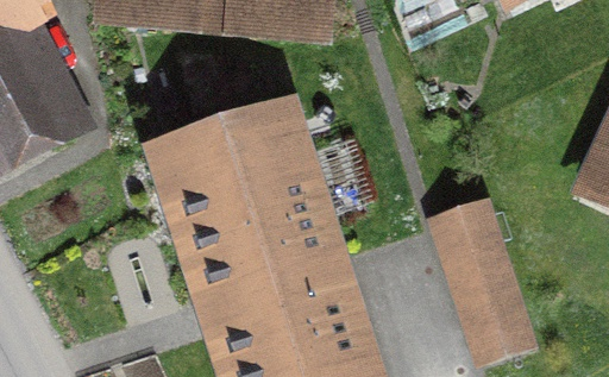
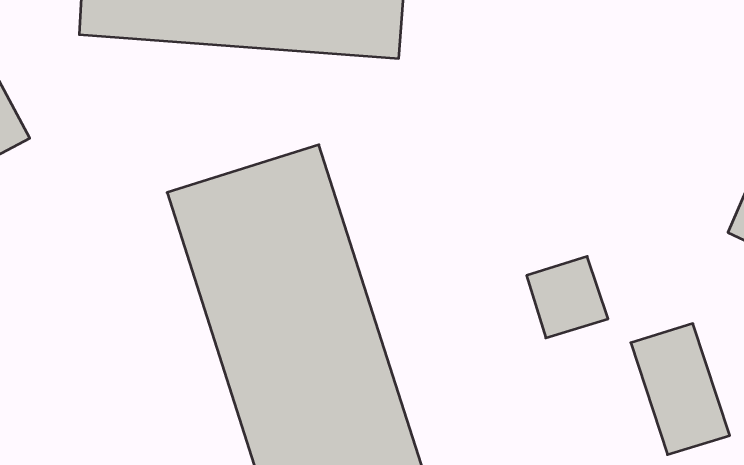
building: [452,245,526,343] -> [631,324,730,455]

